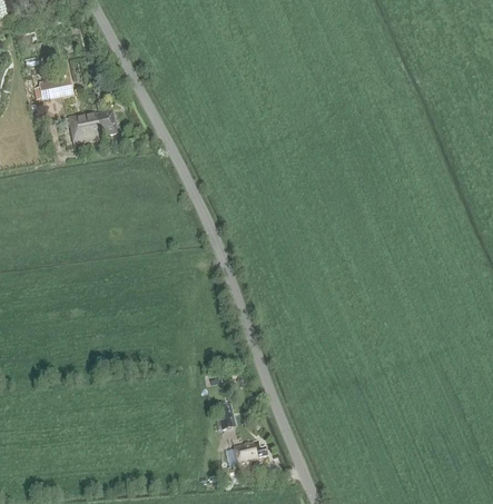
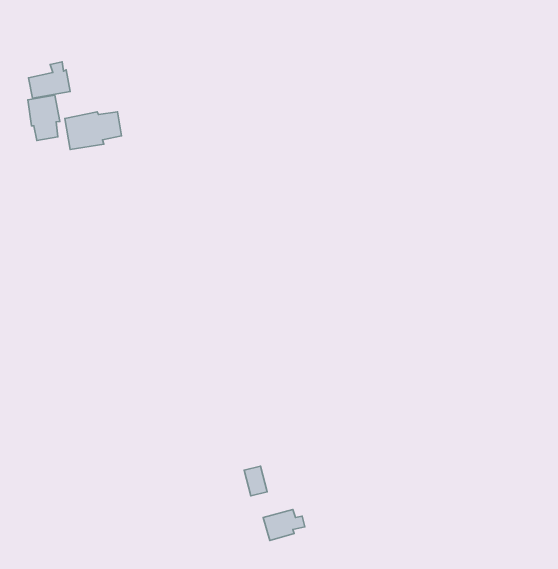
building: none -> [28,95,60,141]

